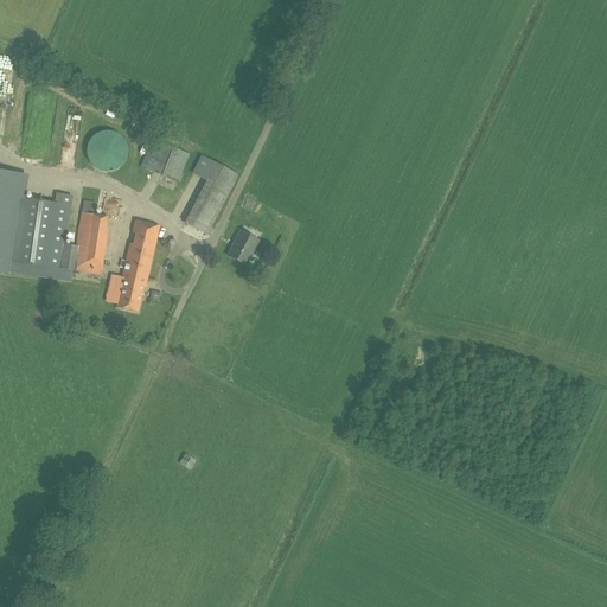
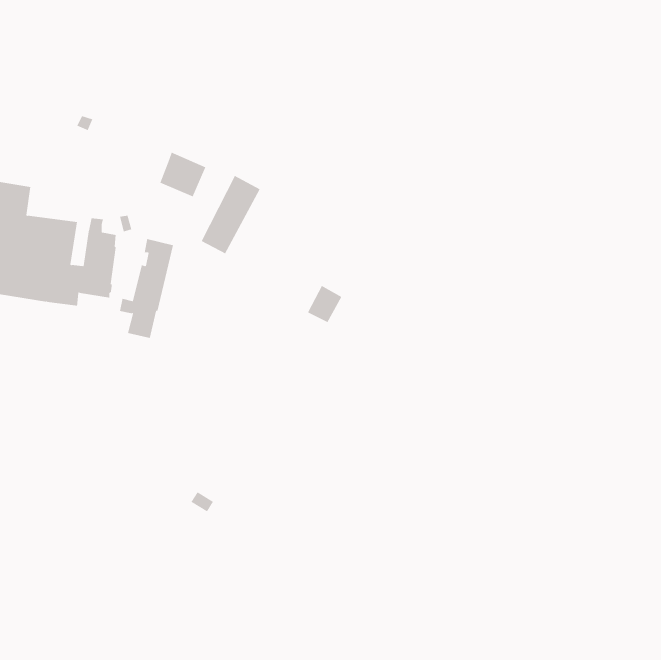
building: [85,128,127,170] -> none
building: [226,229,258,263] -> [307,285,342,323]

